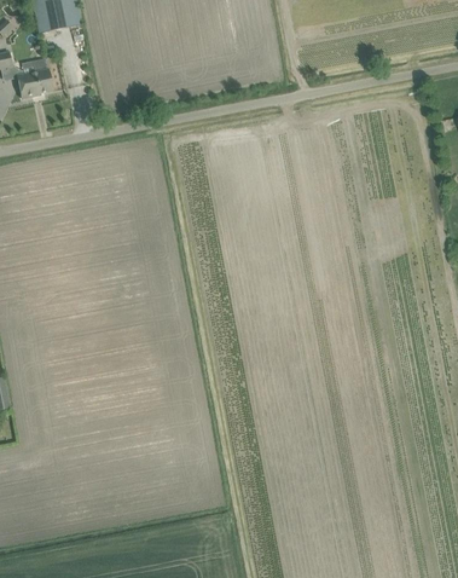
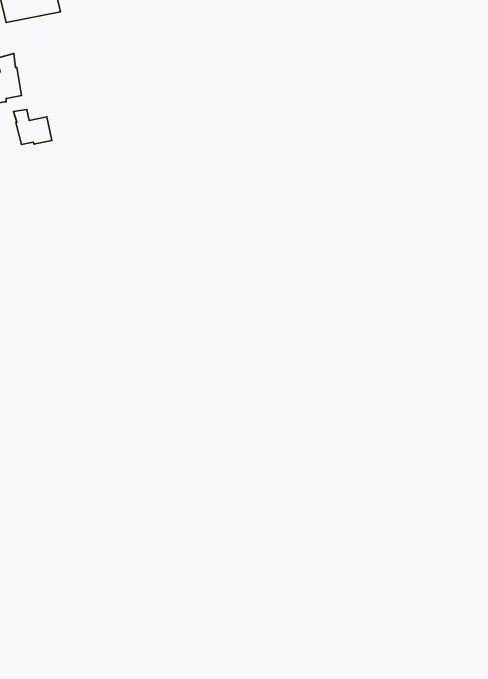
building: none -> [14,109,52,145]

